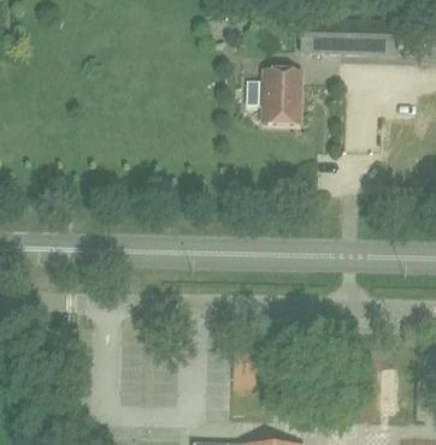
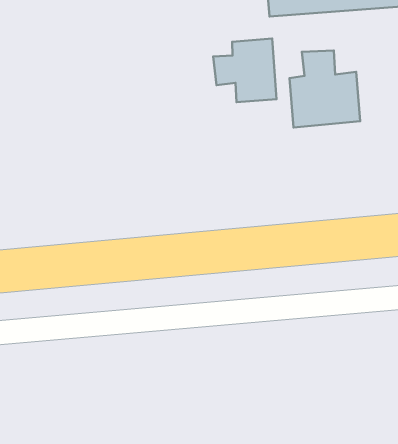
building: none -> [289,51,360,127]

